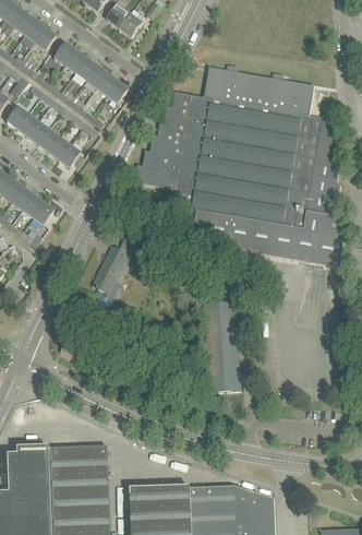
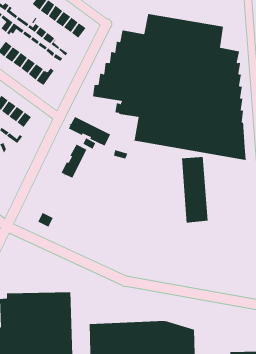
building: none -> [68,116,111,146]
building: [203,299,240,390] -> [181,157,208,223]

